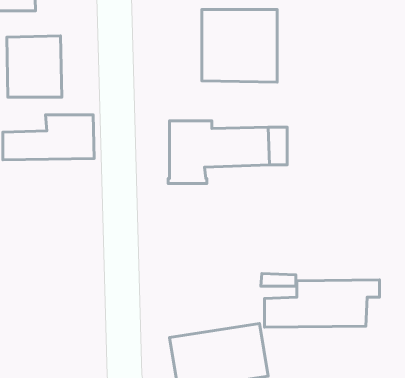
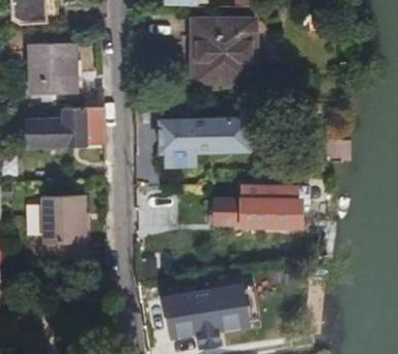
building: none -> [41,196,84,258]
building: [264,280,380,327] -> [212,187,308,227]

